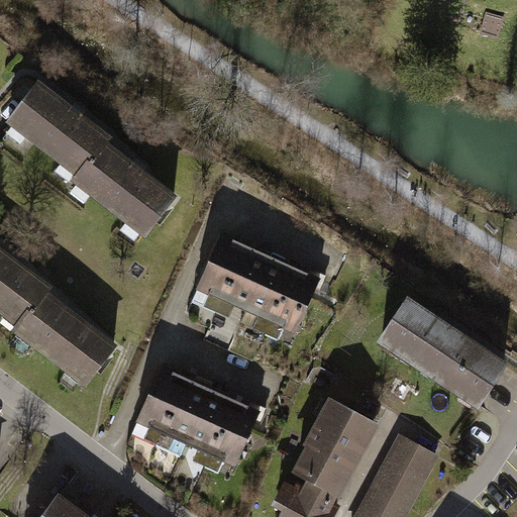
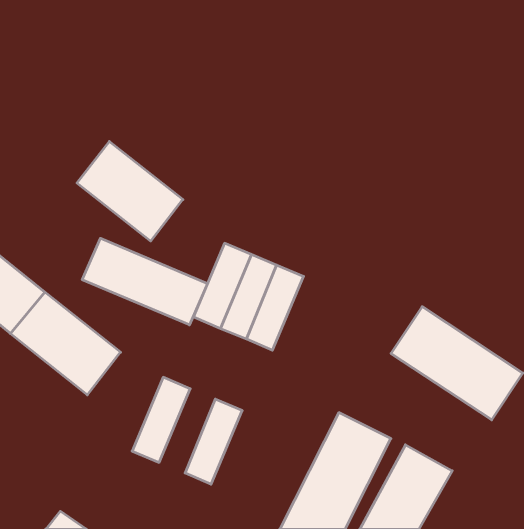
building: [5,83,106,178] -> none
building: none -> [82,238,208,325]
building: [265,269,319,350] -> none
building: [154,378,209,459] -> none
building: [205,399,260,481] -> none

